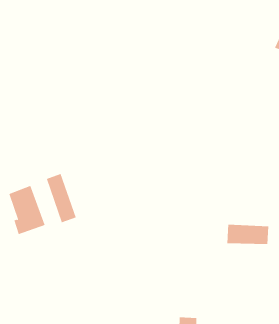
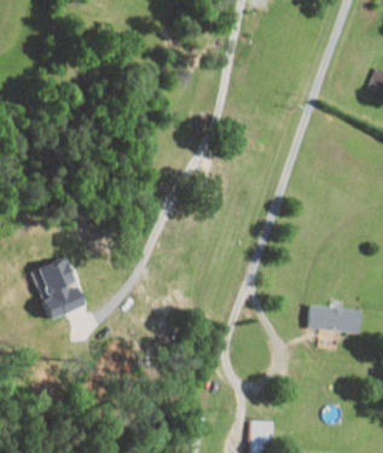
building: [46,173,77,223] -> none

